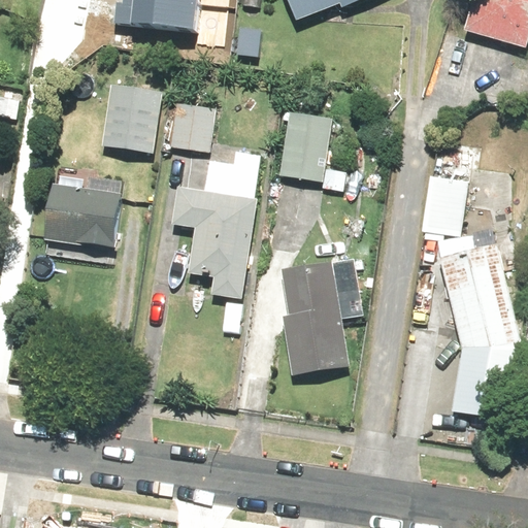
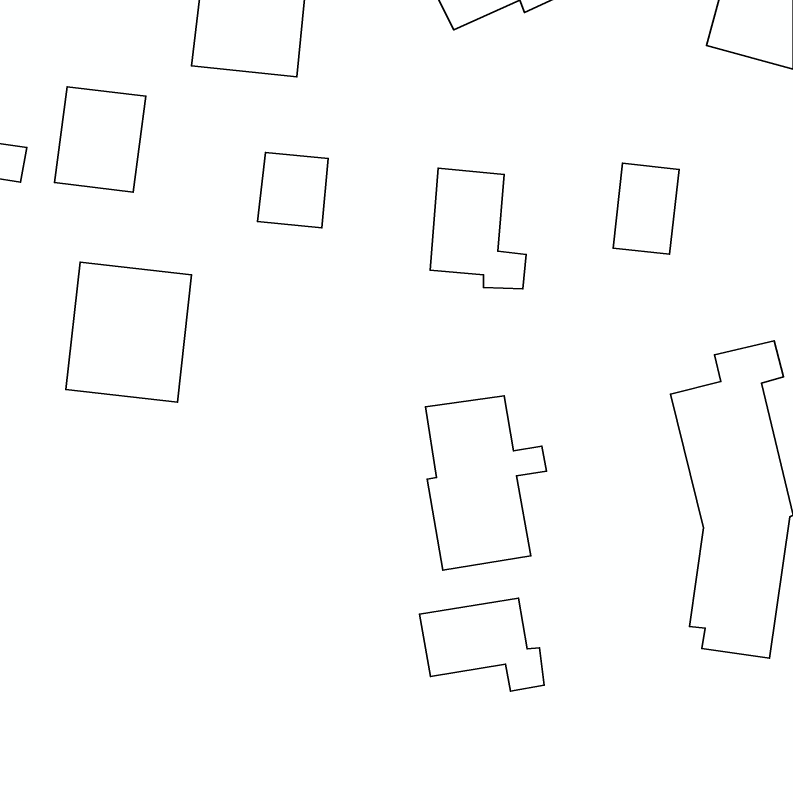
building: [101,82,161,152] -> [55,87,146,192]
building: [168,151,259,298] -> none
building: [422,175,465,235] -> [613,163,679,254]
building: none -> [419,598,544,691]

